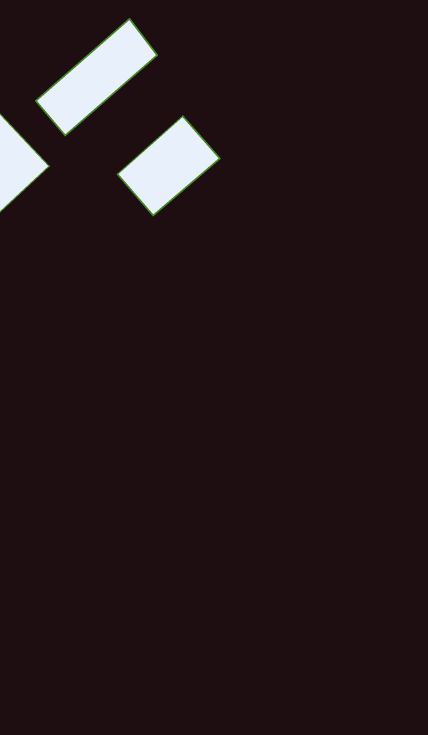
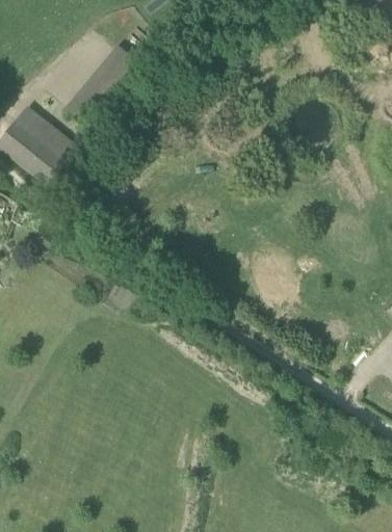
building: [118,116,220,215] -> none

